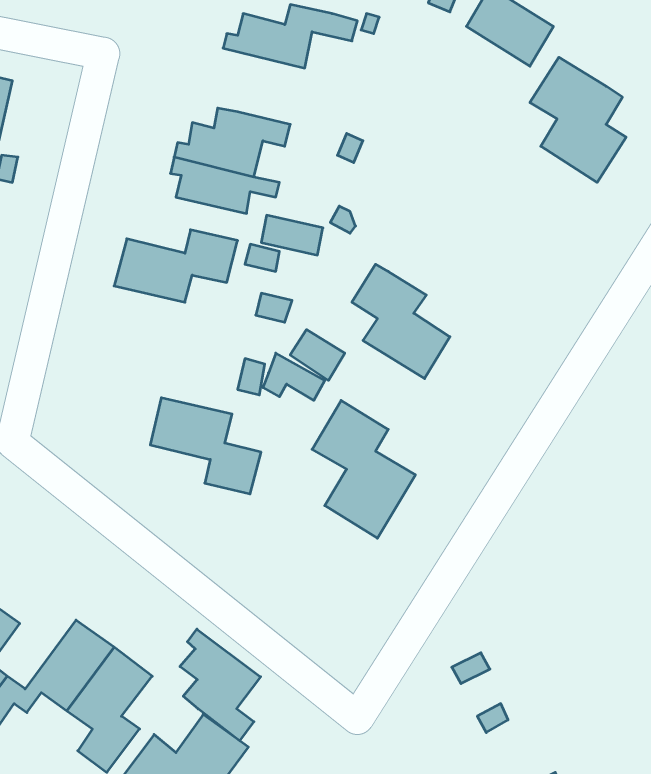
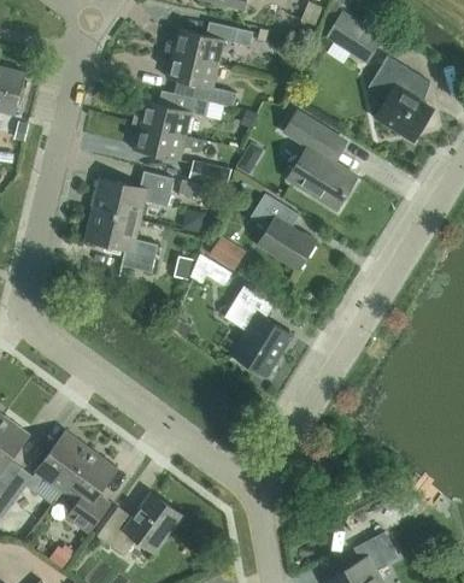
building: none -> [161,51,235,107]
building: none -> [283,111,356,208]
building: [150,398,261,494] -> [84,208,158,272]
building: [180,629,261,741] -> none

